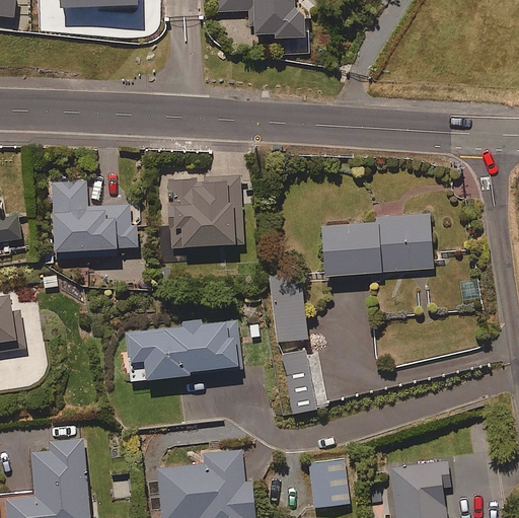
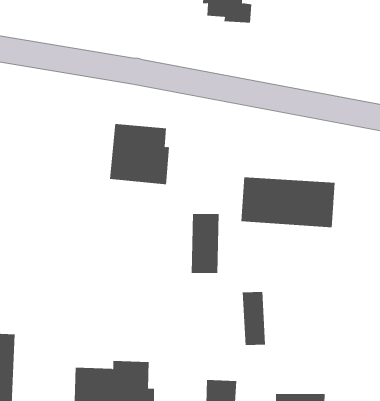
building: [51,181,138,257] -> none
building: [127,315,238,375] -> none
building: [281,348,316,413] -> [242,291,266,346]

